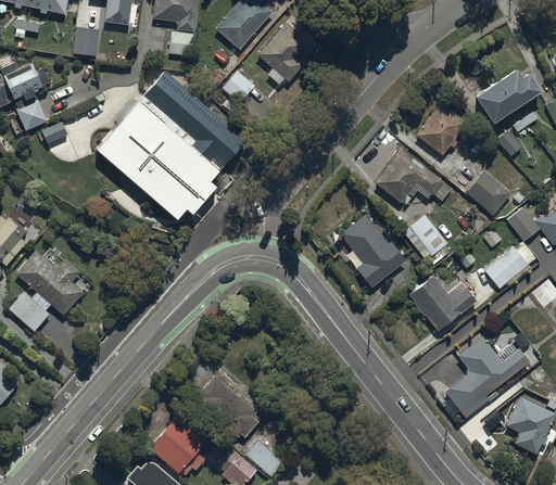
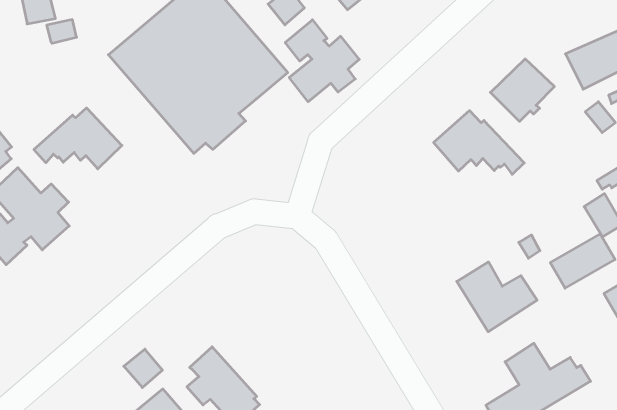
building: none -> [285,20,359,102]
building: [465,170,509,214] -> none
building: none -> [34,108,122,169]
building: [403,215,447,257] -> none
building: [340,216,405,288] -> none
building: none -> [124,349,162,388]

